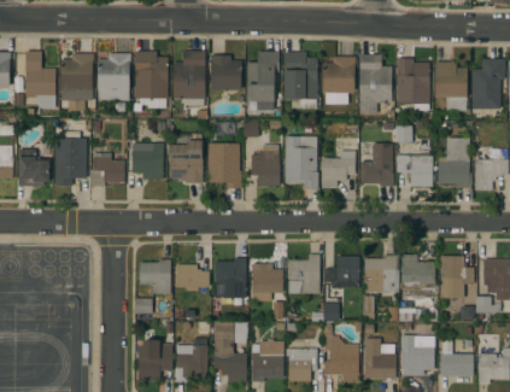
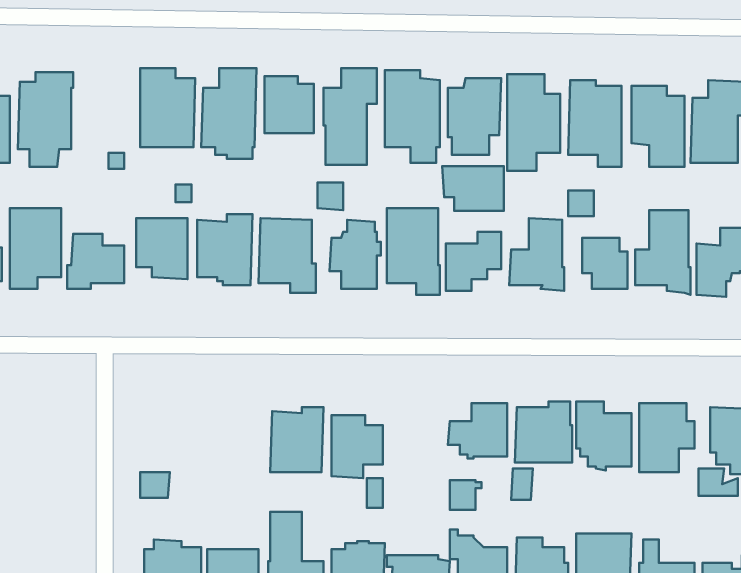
building: [96,53,129,100] -> none
building: none -> [442,166,504,211]
building: [287,254,320,293] -> none
building: [139,259,170,294] -> none
building: [175,264,209,291] -> none

